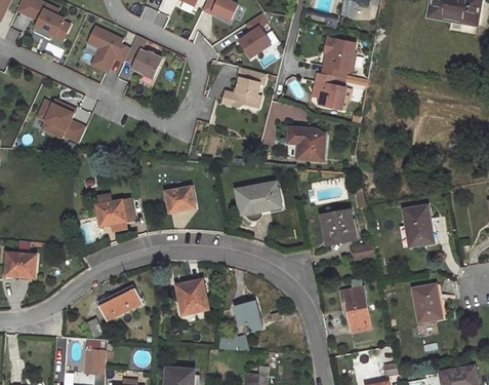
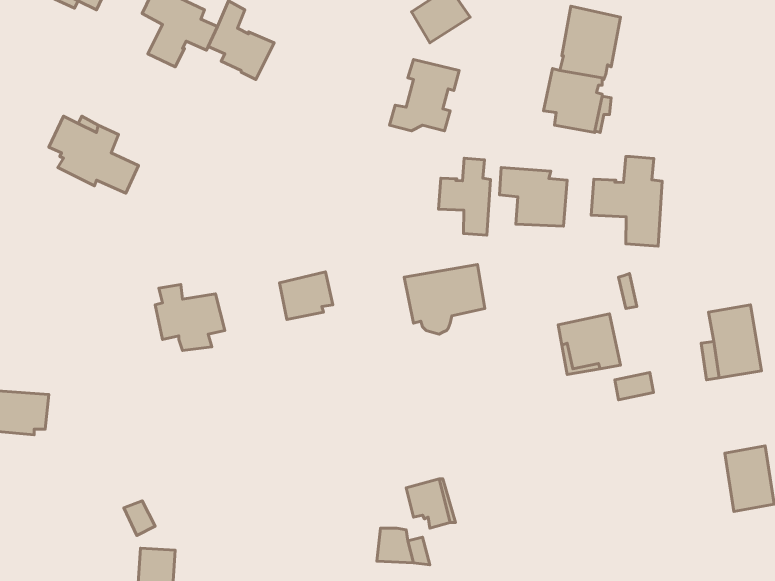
building: none -> [591,156,662,246]
building: none -> [438,158,491,235]
building: [340,278,370,332] -> none
building: [175,279,207,313] -> none
building: [98,287,141,320] -> none

